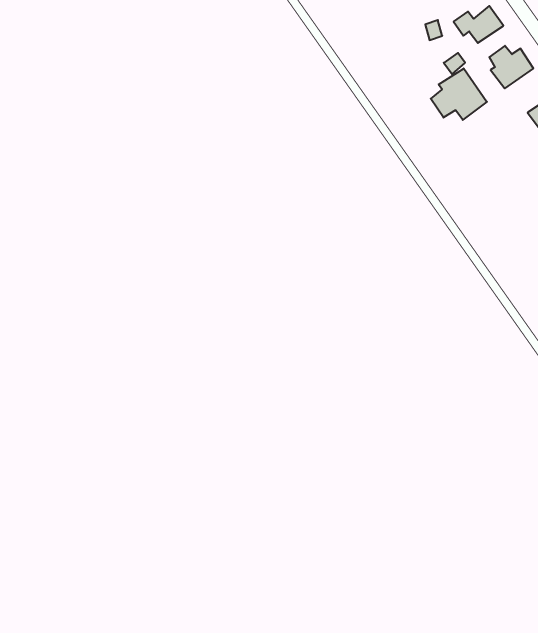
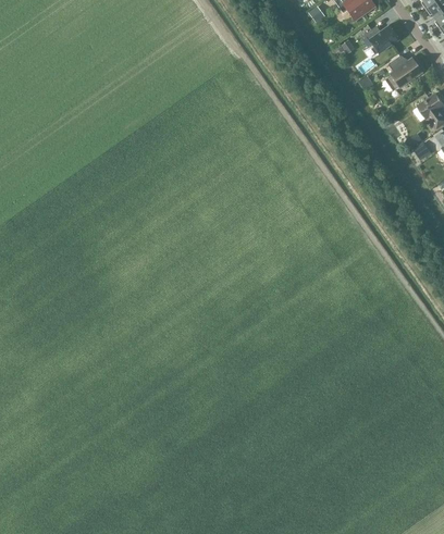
building: [431,68,487,120] -> none

